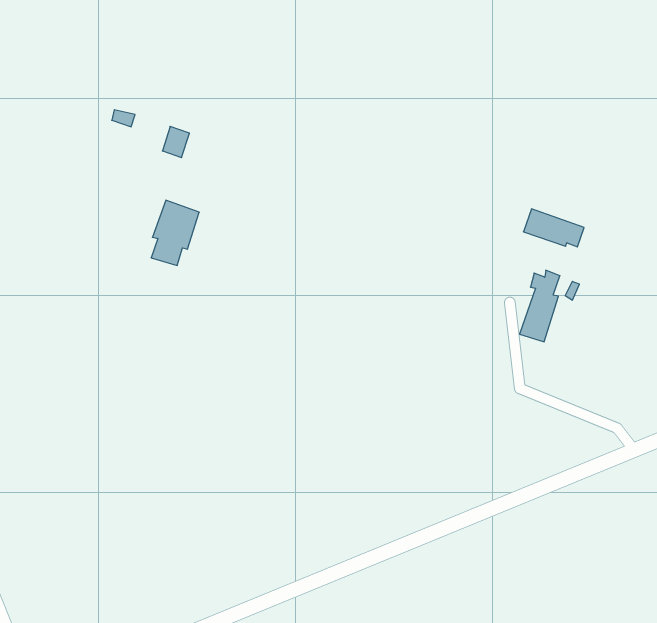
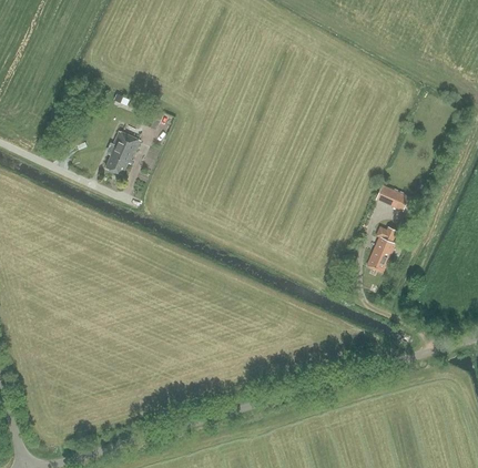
building: [151,200,199,265] -> [105,130,140,173]

